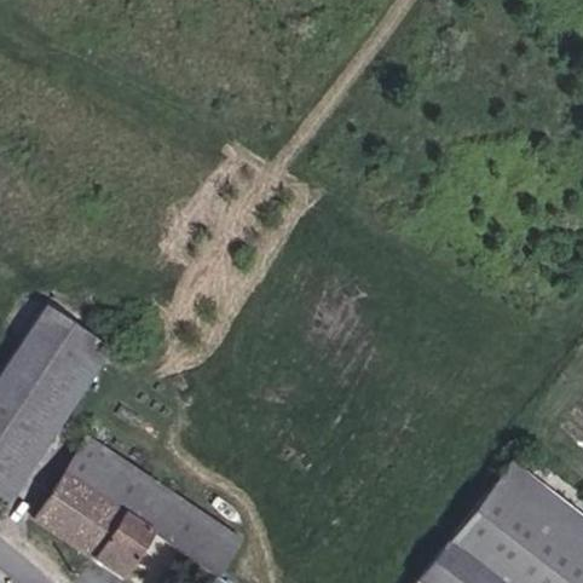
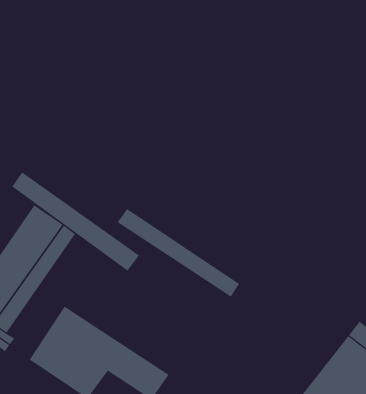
building: none -> [11,171,140,271]
building: none -> [117,208,240,297]

